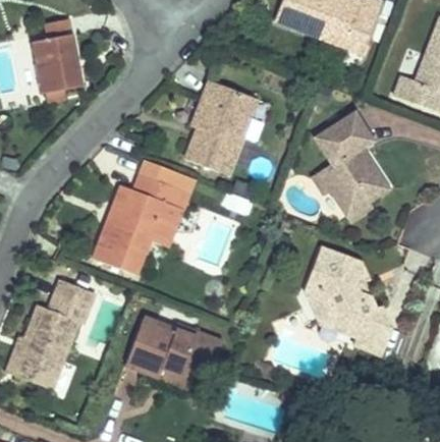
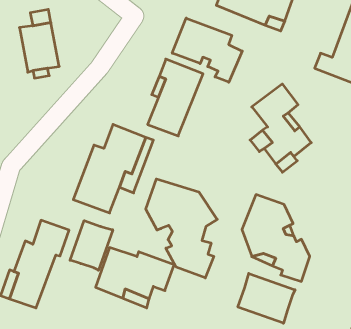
building: none -> [172,18,242,82]
building: none -> [146,179,217,278]
building: none -> [70,221,113,270]
building: none -> [238,273,295,323]

